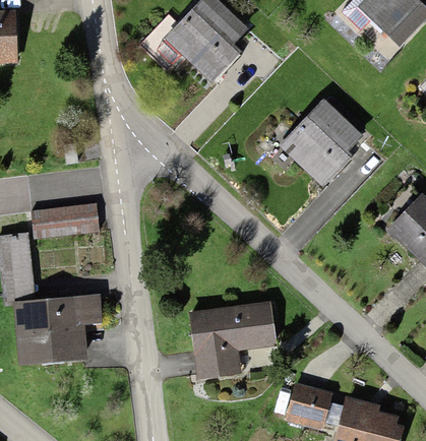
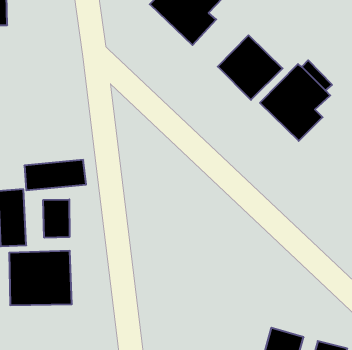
building: none -> [218,35,283,100]
building: none -> [43,199,69,238]
building: [189,304,277,379] -> none

